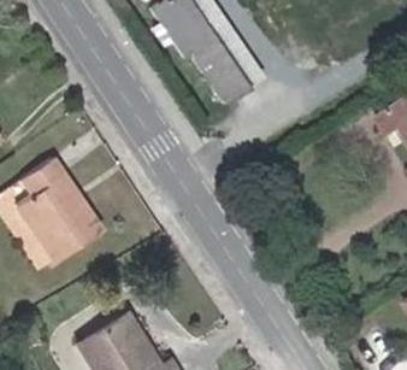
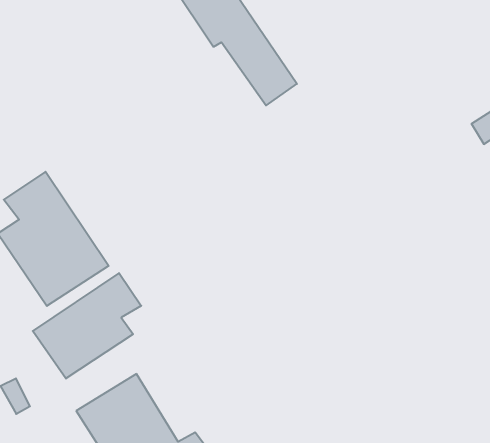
building: none -> [33,273,141,379]

